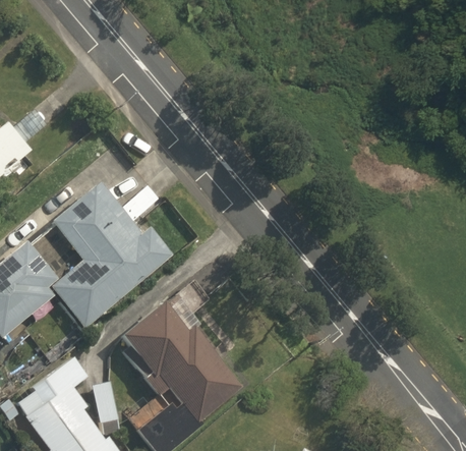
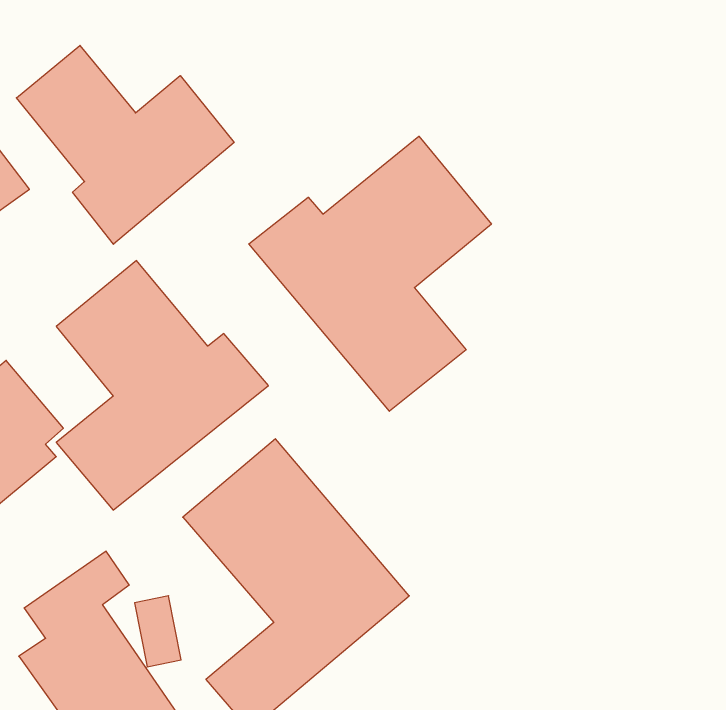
building: none -> [16,45,234,244]
building: none -> [249,136,491,411]

